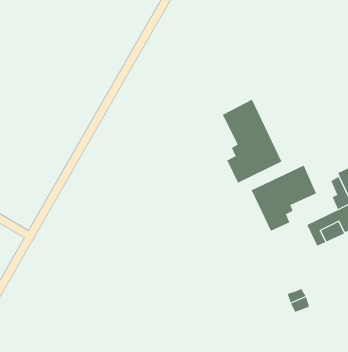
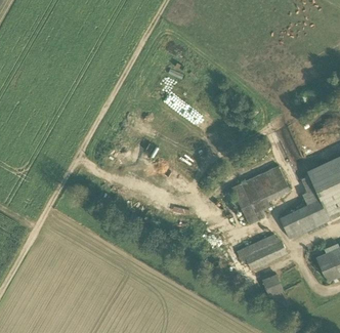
building: [222,99,282,183] -> none
building: none -> [240,234,285,269]

